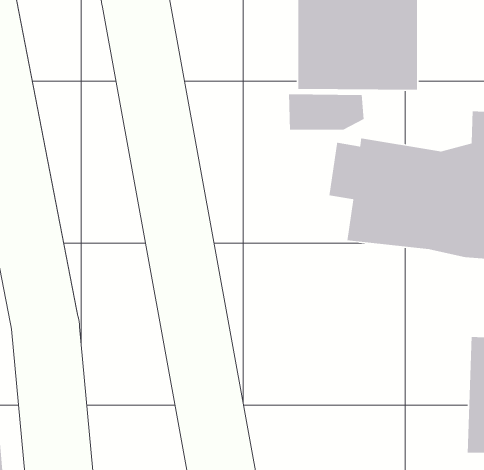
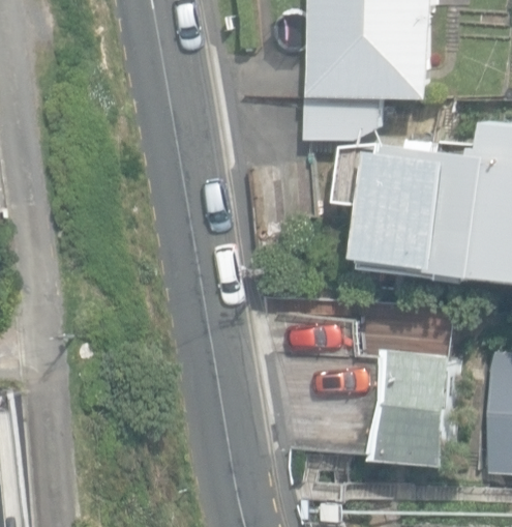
building: none -> [373,348,462,463]

